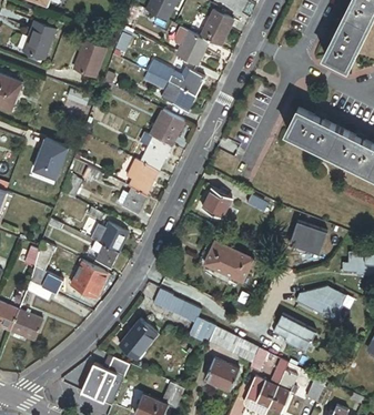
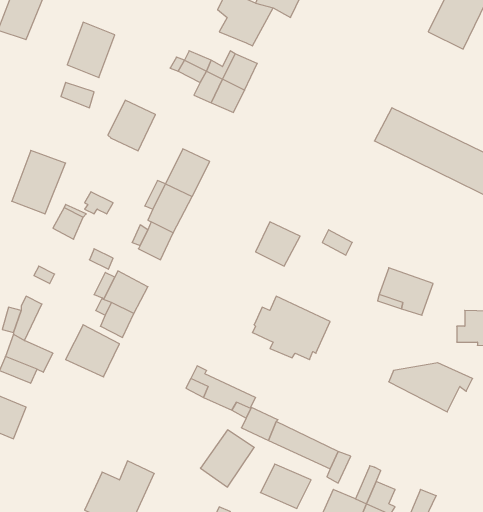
building: [149,110,182,145] -> [108,100,155,151]
building: [274,313,317,351] -> none
building: [119,317,156,357] -> [200,430,254,487]

